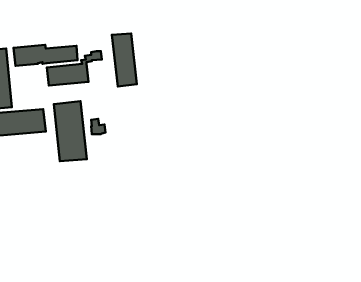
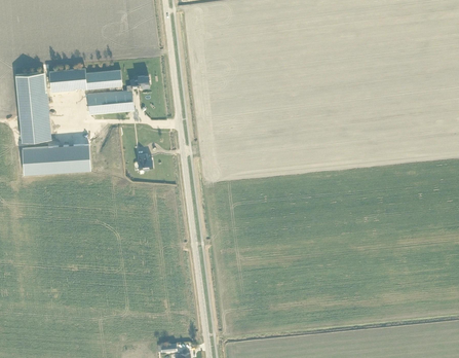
building: [112,34,137,87] -> none
building: [54,101,87,161] -> none

